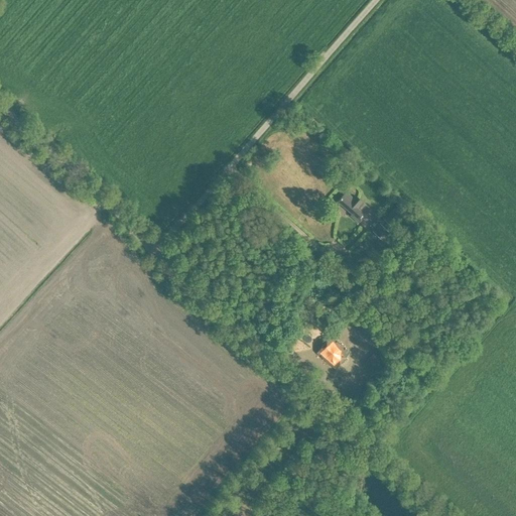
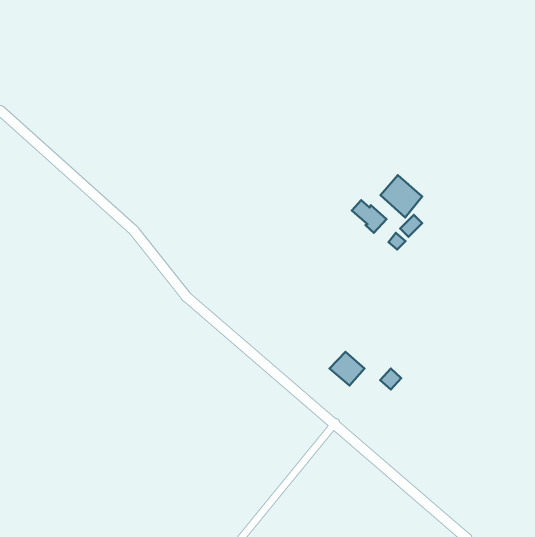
building: none -> [380,175,422,217]

